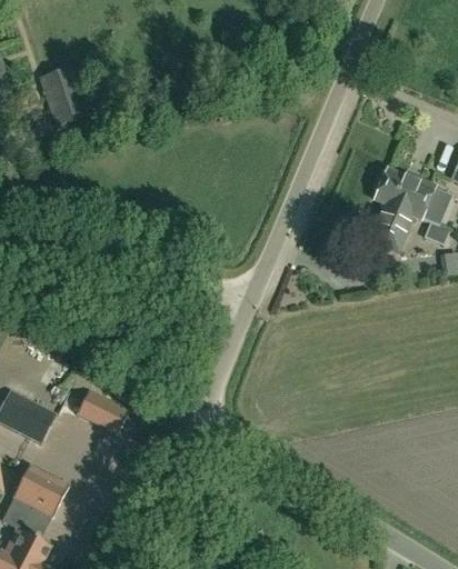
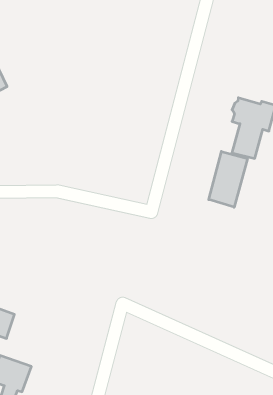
building: none -> [209,151,247,207]
building: [76,389,129,433] -> none

